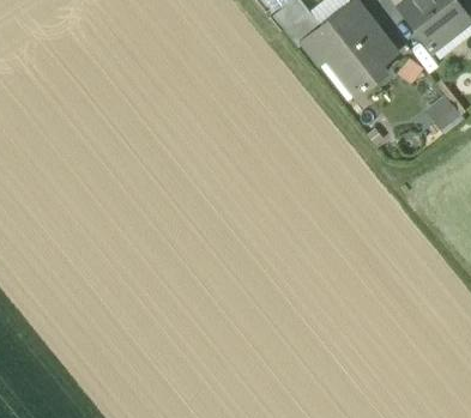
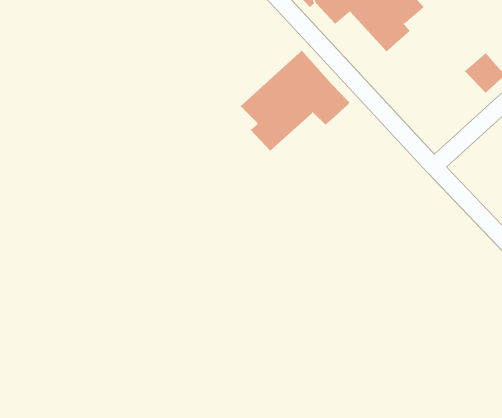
building: none -> [240,50,350,152]

